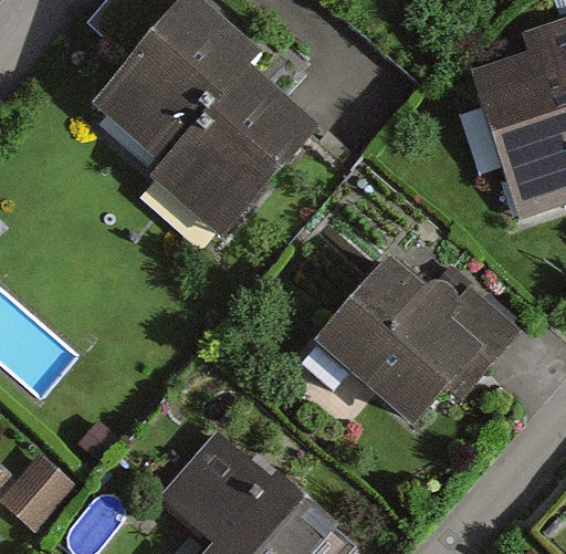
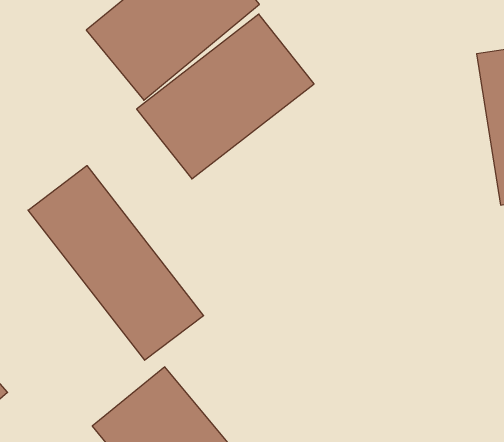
building: none -> [28,166,204,360]
building: [317,265,488,433] -> none

